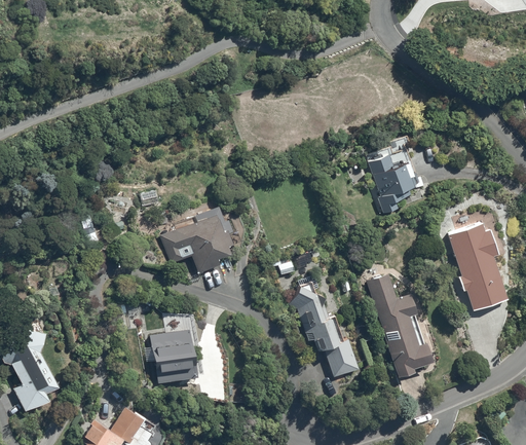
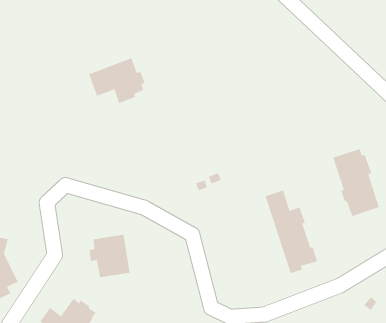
building: [367,154,415,215] -> none
building: [161,215,233,273] -> [88,57,146,104]
building: [290,275,358,378] -> none

